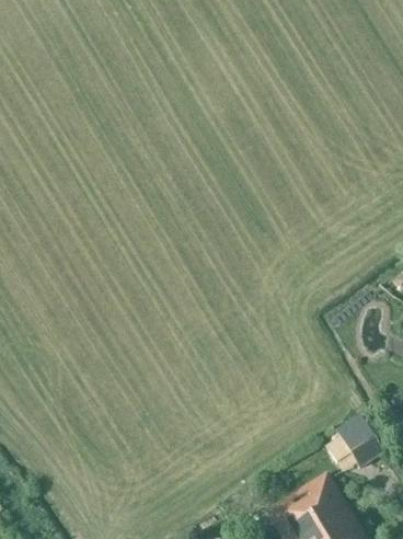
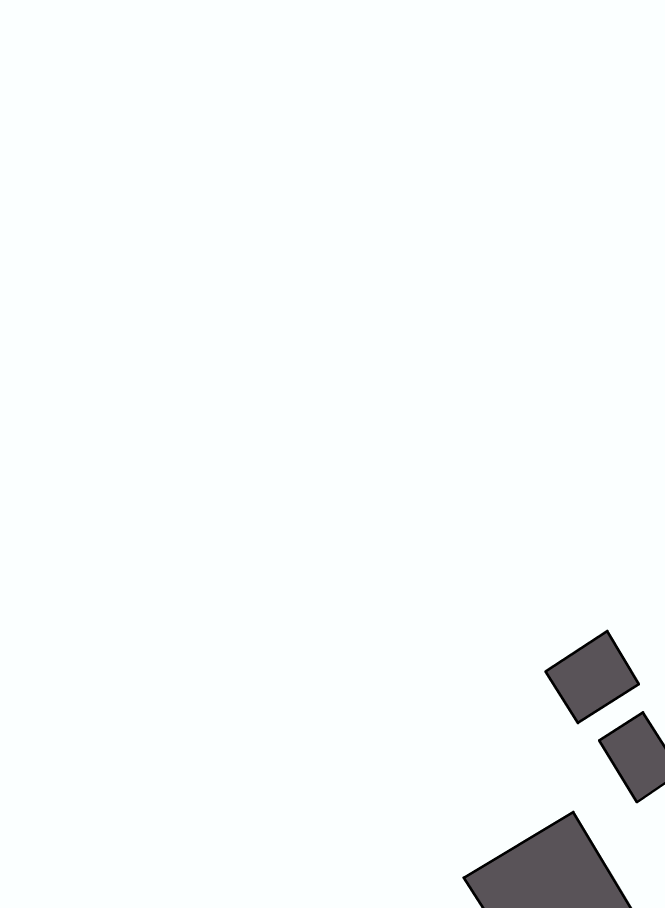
building: none -> [546,631,639,723]

